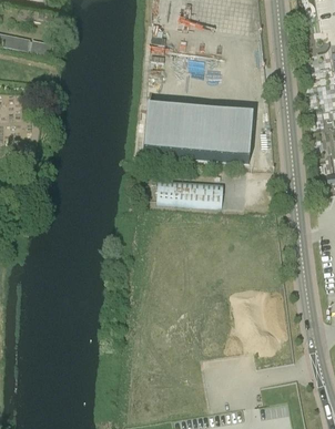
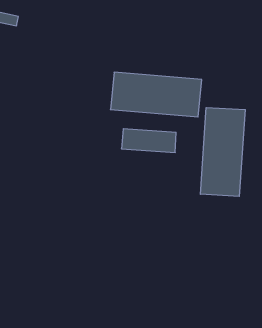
building: none -> [200,108,245,196]

